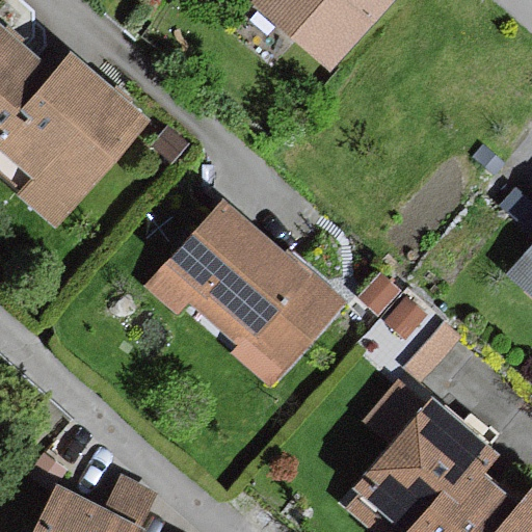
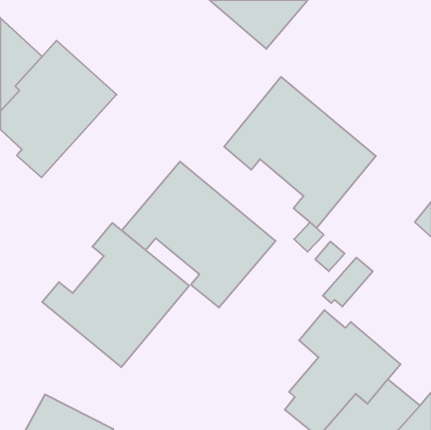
building: none -> [224,77,376,228]
building: none -> [42,223,189,367]

